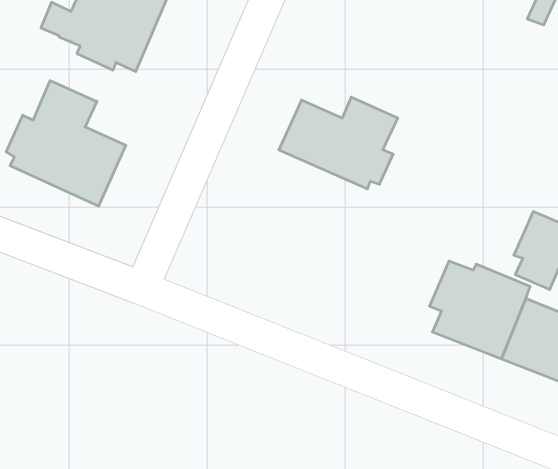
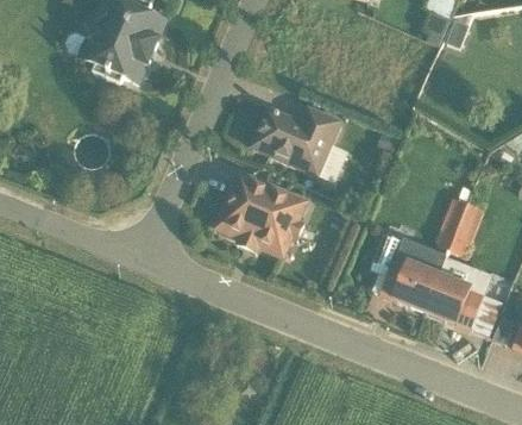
building: [6,81,126,206] -> none
building: none -> [216,173,309,257]

